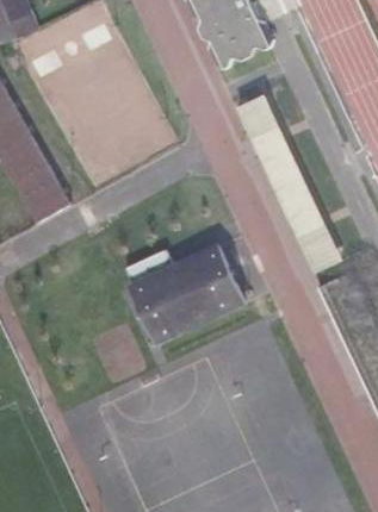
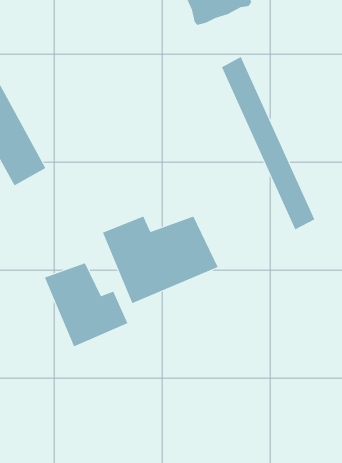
building: none -> [44,263,128,347]

